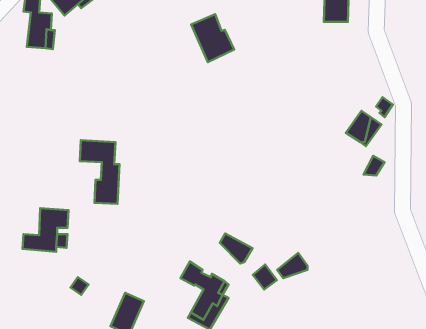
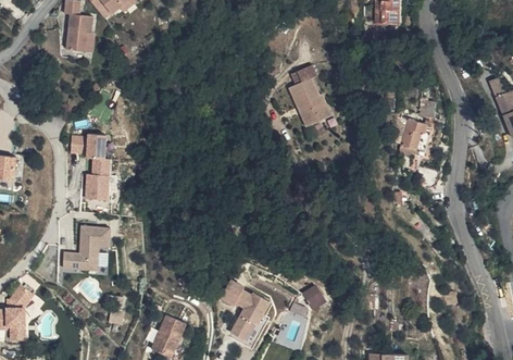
building: [191,14,234,62] -> [290,77,335,127]
building: [80,140,120,204] -> [68,131,110,197]
building: [220,234,253,264] -> none
building: [277,253,308,278] -> none

